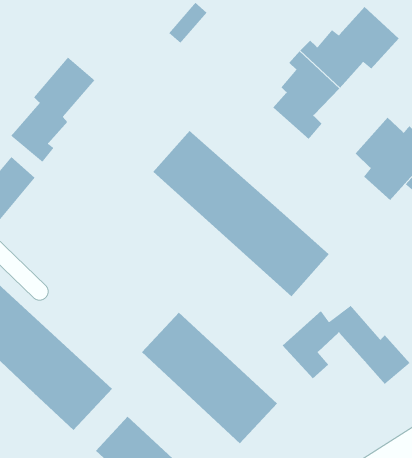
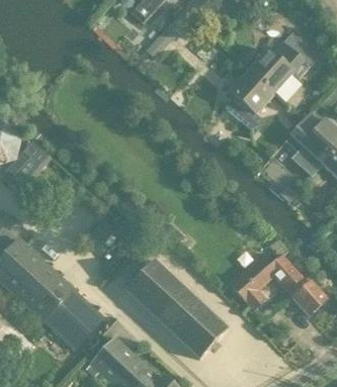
building: [10,56,95,163] -> none
building: [153,130,330,297] -> none

